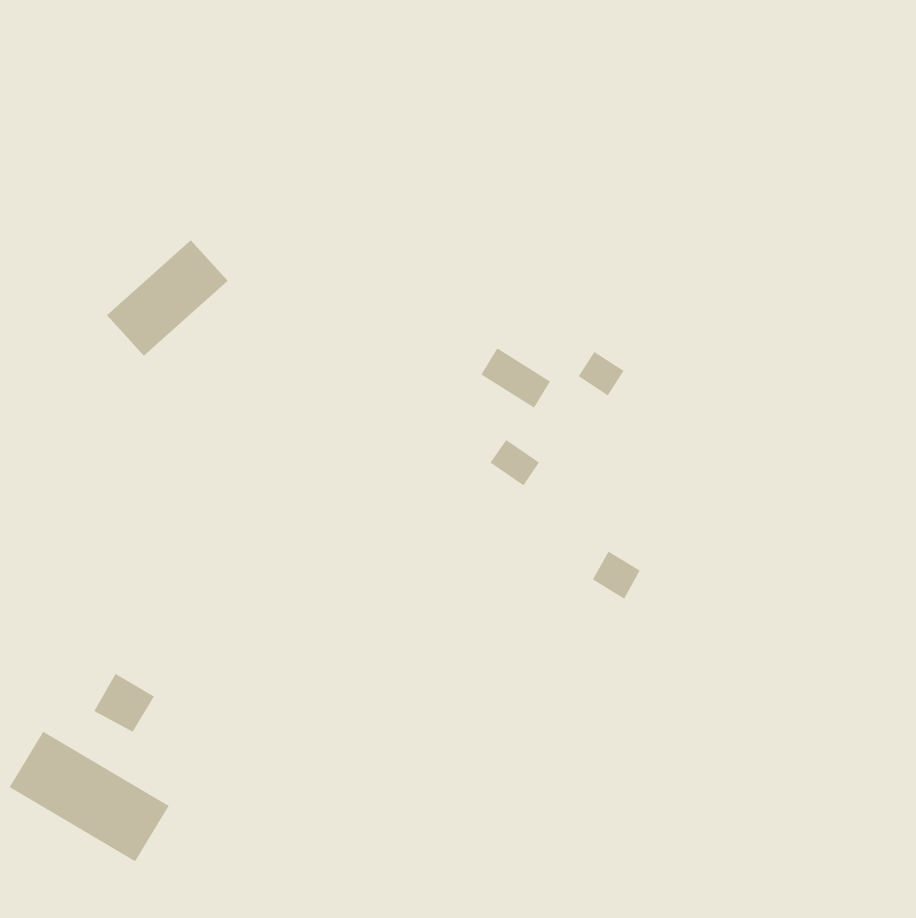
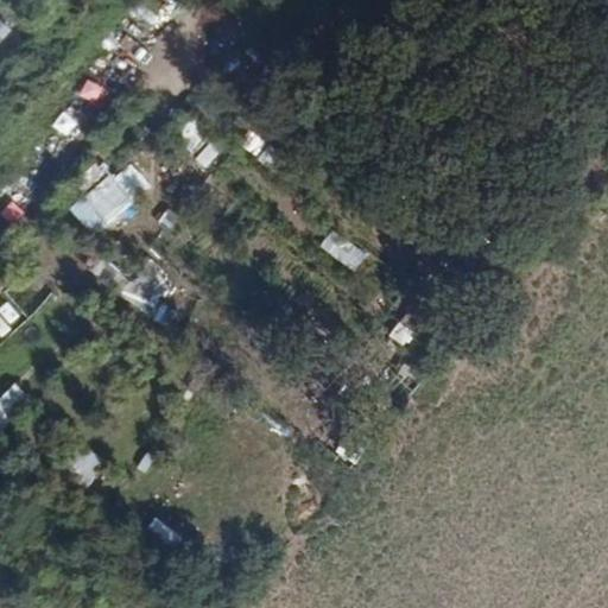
building: [9,731,169,862] -> none

